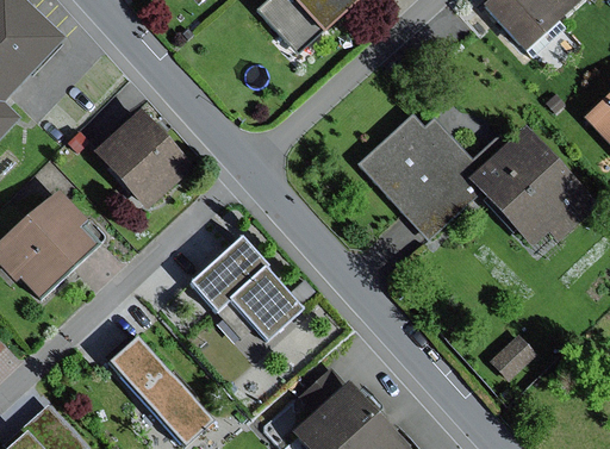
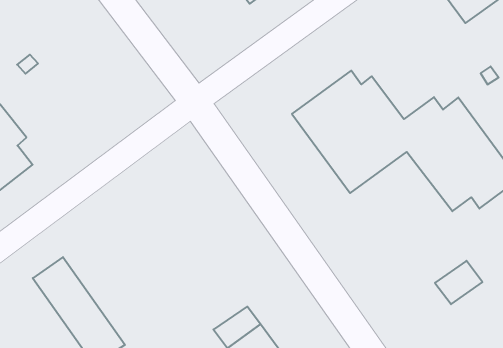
building: [92,110,193,210] -> none
building: [189,237,300,342] -> none
building: [490,332,539,379] -> [435,261,482,304]

